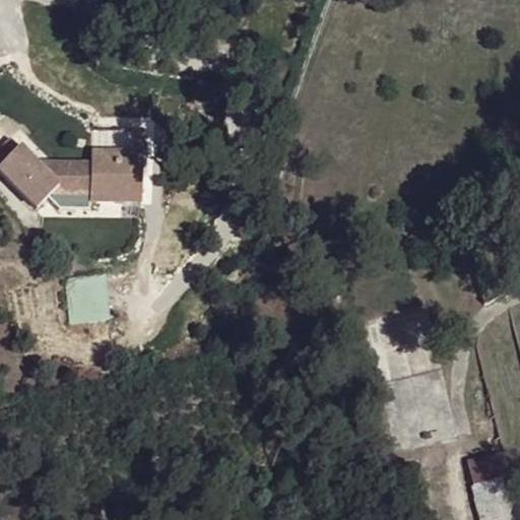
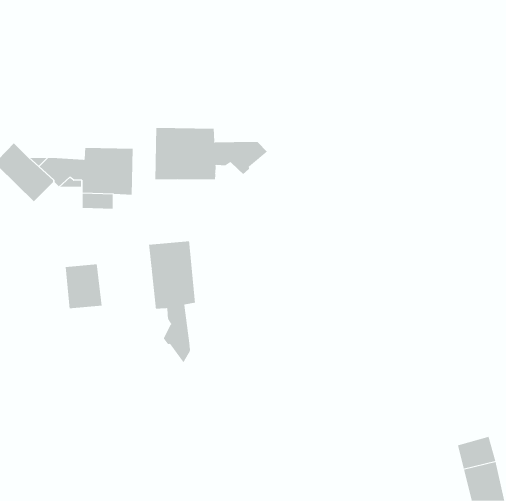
building: none -> [155,127,268,180]
building: none -> [148,240,195,363]

